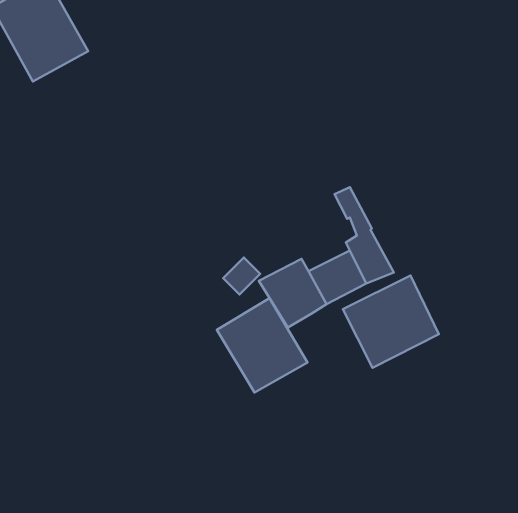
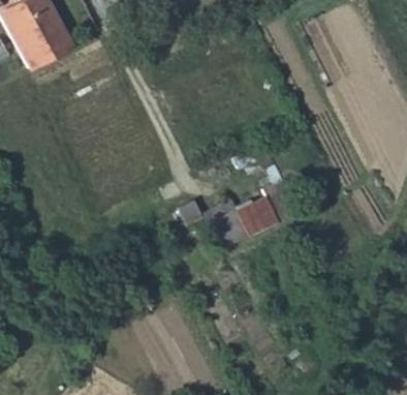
building: [343,275,439,368] -> none
building: [217,298,308,393] -> none

